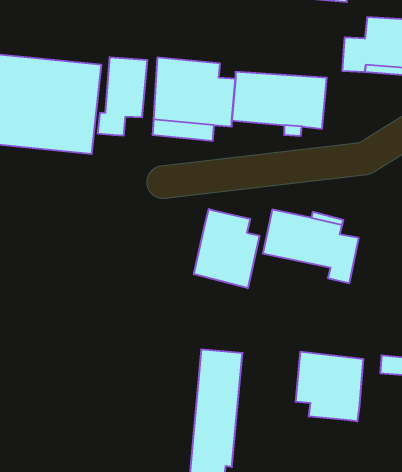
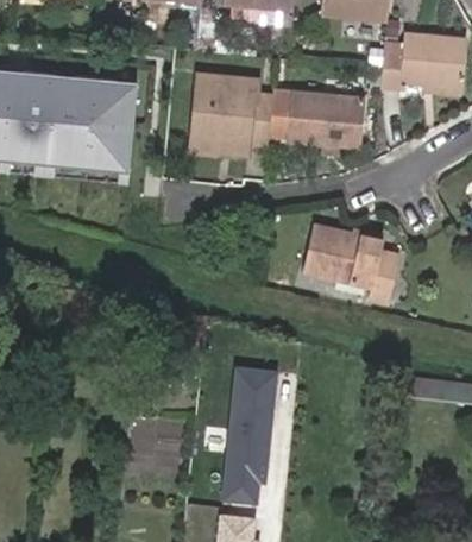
building: [98,57,147,136] -> none
building: [194,209,259,288] -> none
building: [296,352,363,422] -> none

